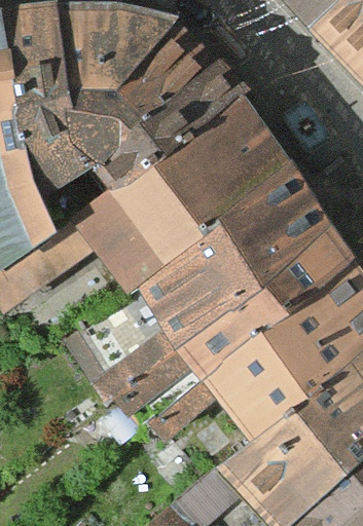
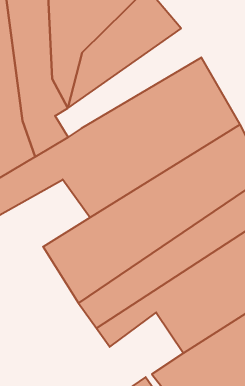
building: [95,62,247,189] -> none

